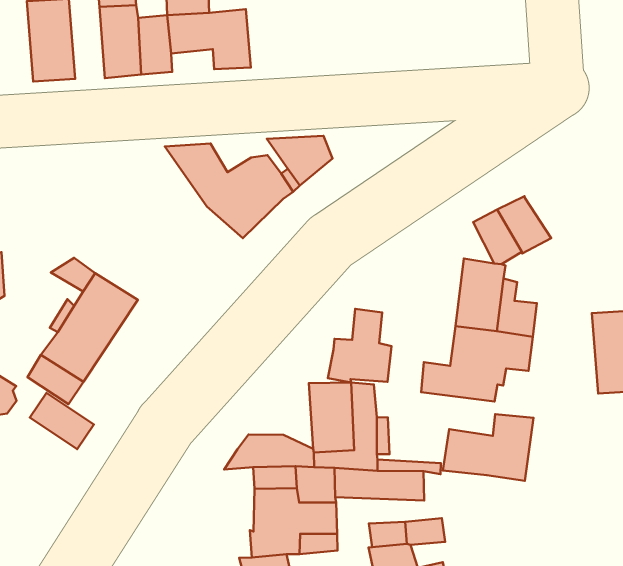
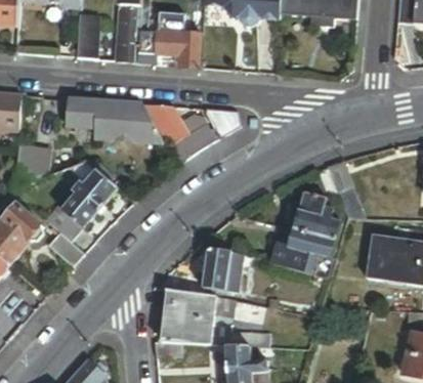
building: none -> [66,98,163,141]
building: [328,309,391,382] -> none
building: [443,414,533,481] -> none

